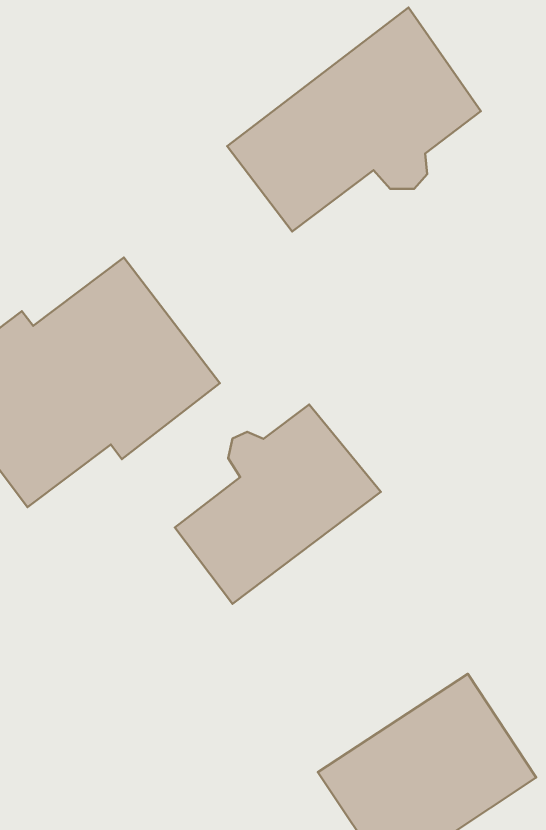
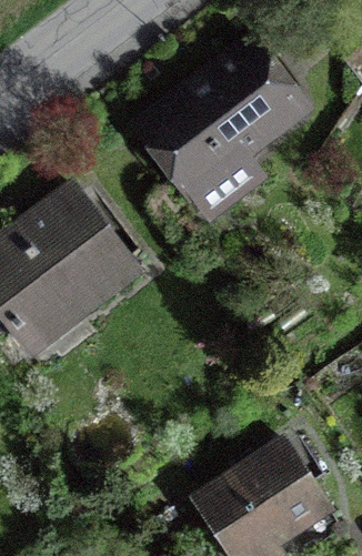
building: [175,405,381,604] -> none

